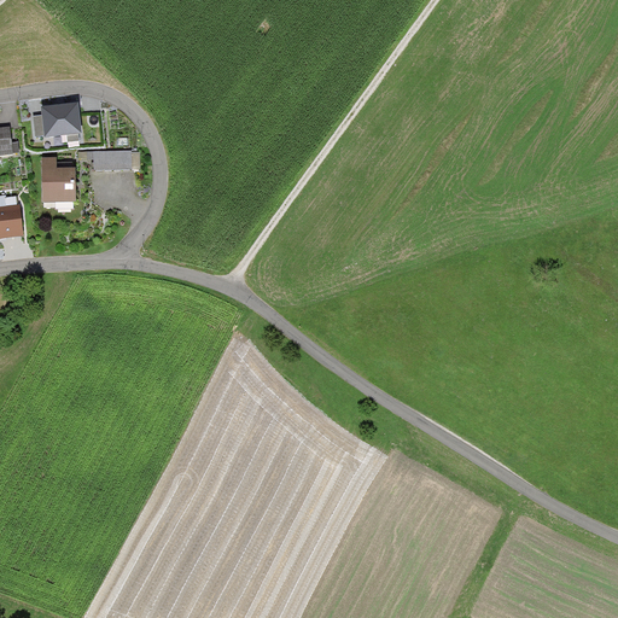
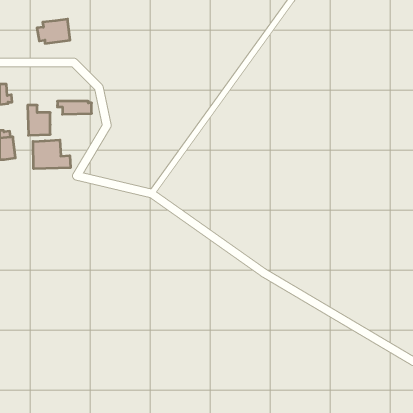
building: [31,103,81,139] -> [37,19,70,43]
building: none -> [33,140,70,169]

